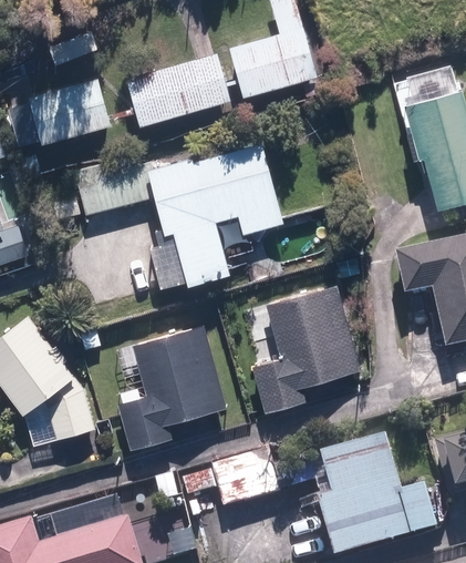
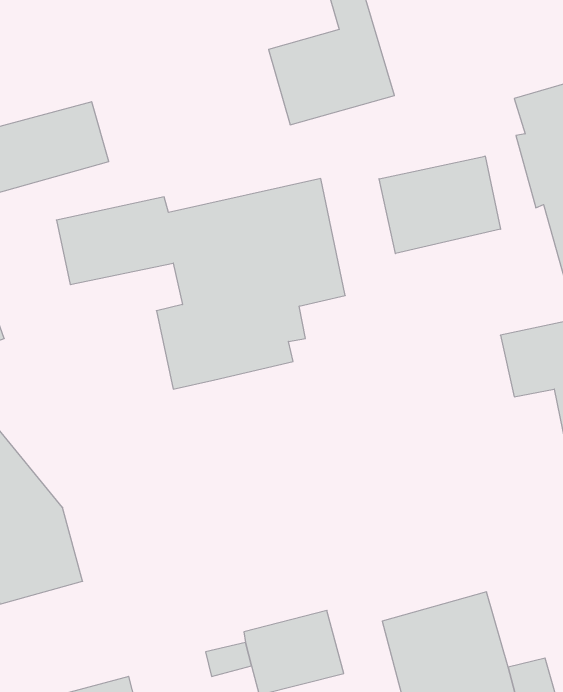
building: [127,55,229,124] -> none
building: none -> [379,156,501,254]
building: [250,287,359,413] -> none
building: [114,326,226,447] -> none

